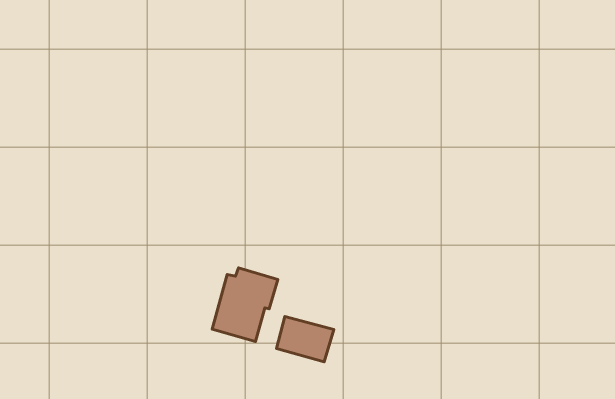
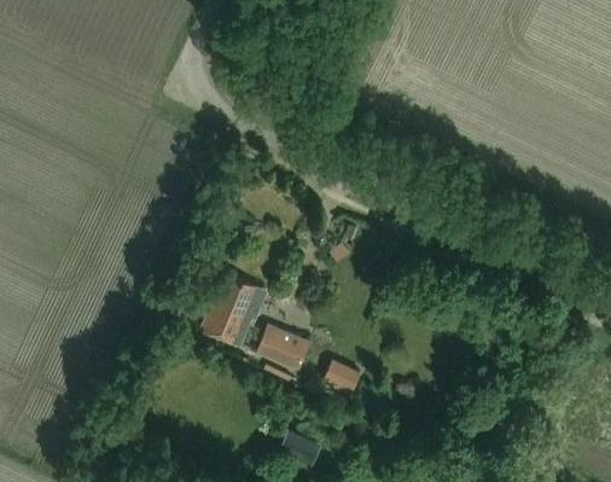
building: none -> [324,361,362,396]

